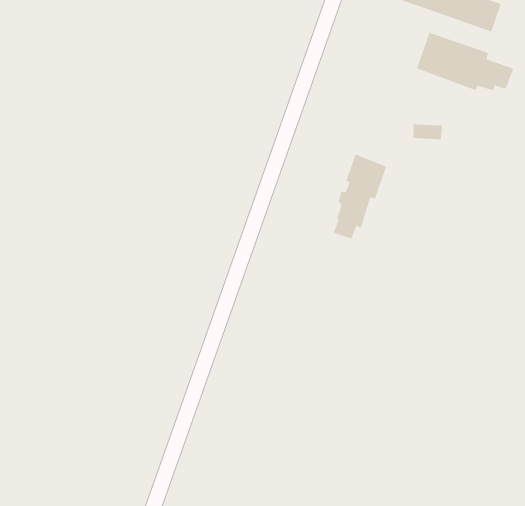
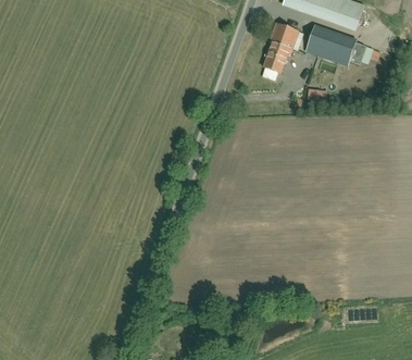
building: [333,154,387,239] -> [261,22,298,80]

